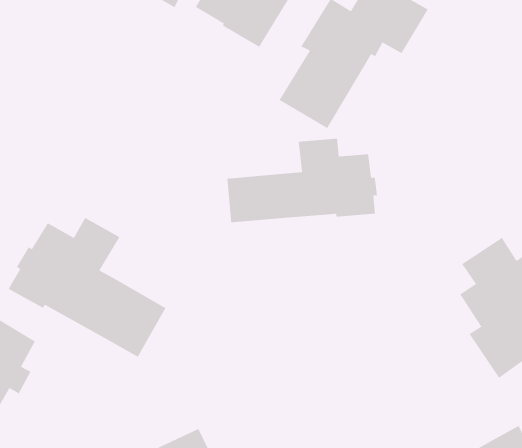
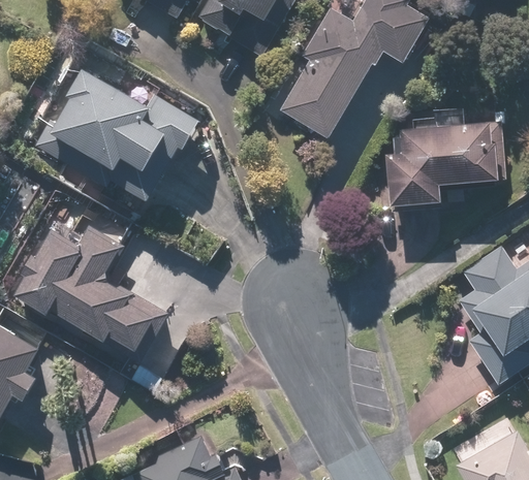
building: none -> [34,67,200,201]
building: none -> [385,121,505,205]
building: [227,138,378,223] -> none

